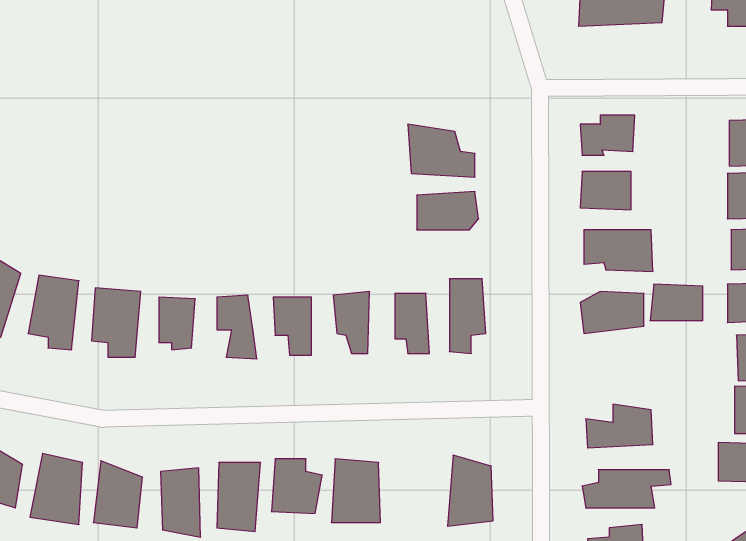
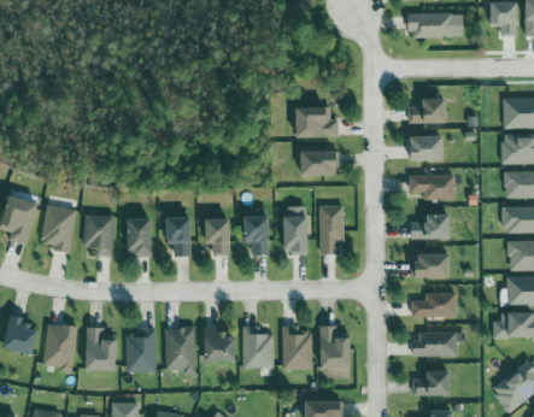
building: [650,284,703,321] -> [411,252,446,276]
building: none -> [282,327,311,370]

